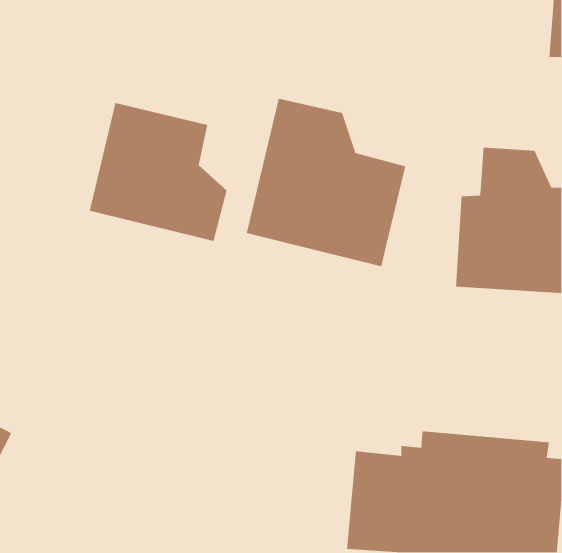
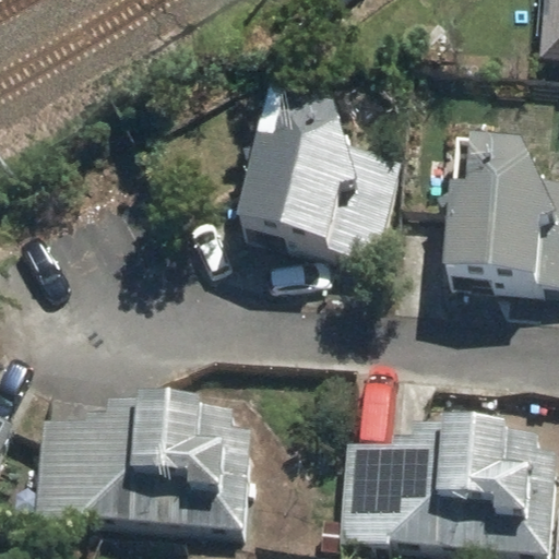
building: [89,102,228,242] -> none
building: none -> [35,396,251,530]

